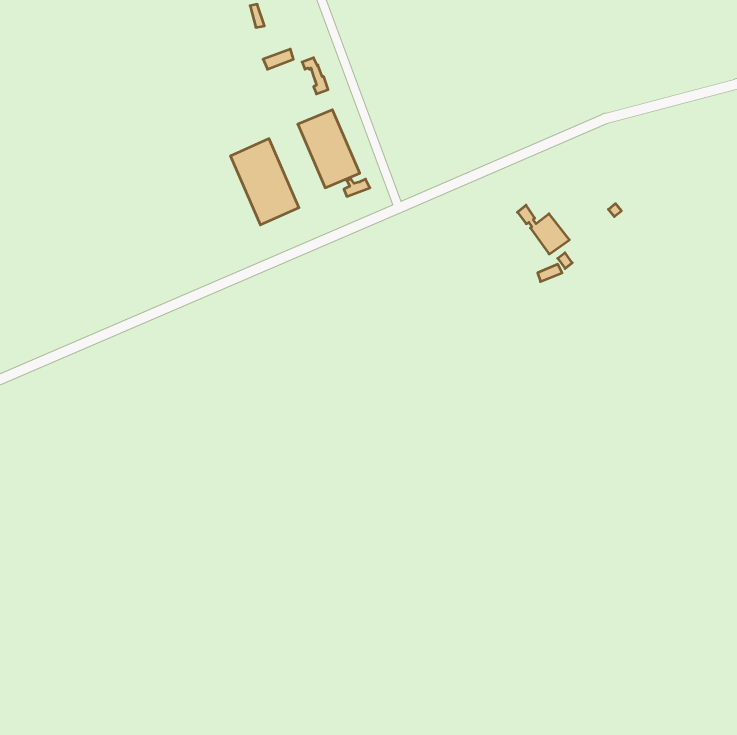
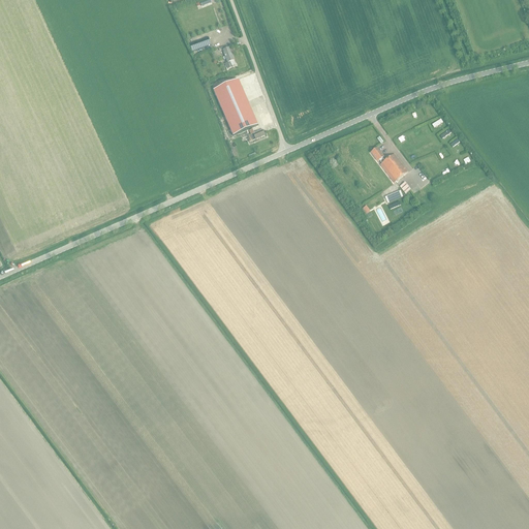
building: [231,139,299,225] -> none

